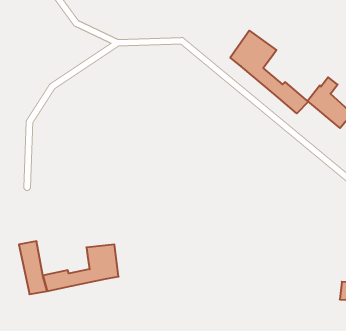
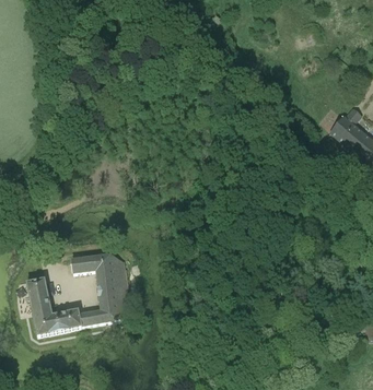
building: [230,31,308,113] -> none
building: none -> [71,255,127,286]

